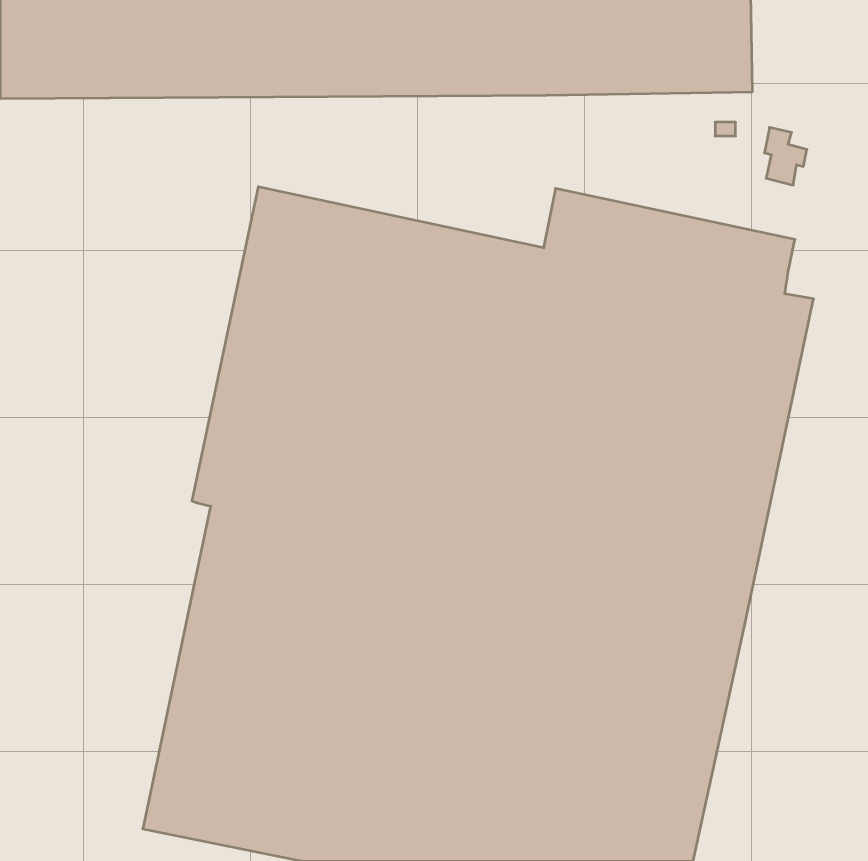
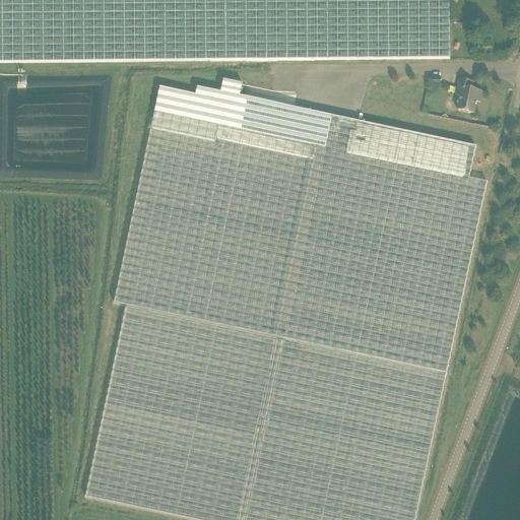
building: none -> [154,76,332,148]

